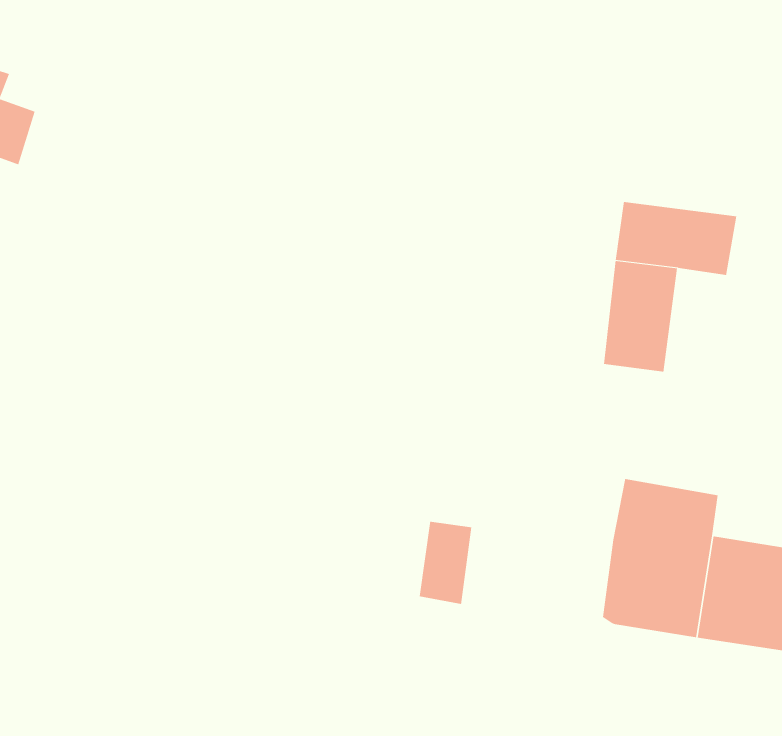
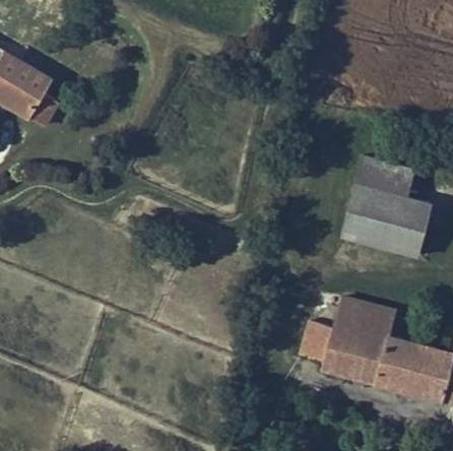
building: none -> [369,196,429,259]
building: [419,521,472,604] -> [304,325,334,369]

